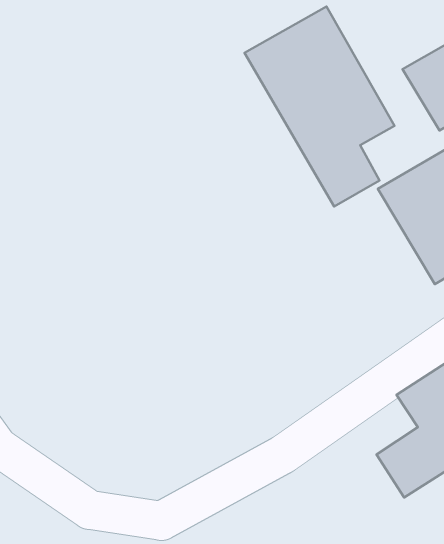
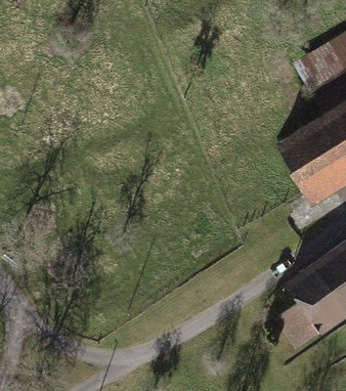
building: [245,7,395,207] -> none

